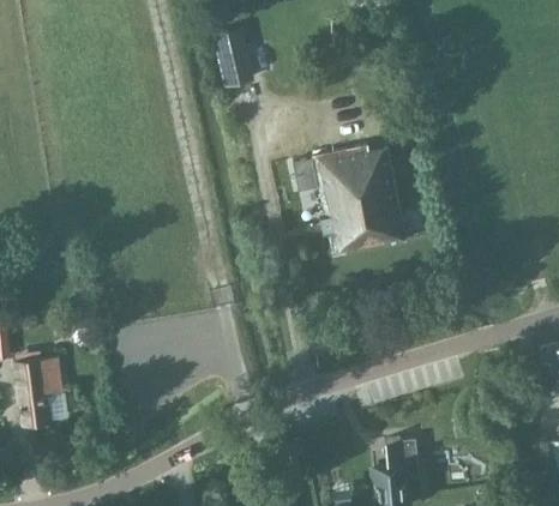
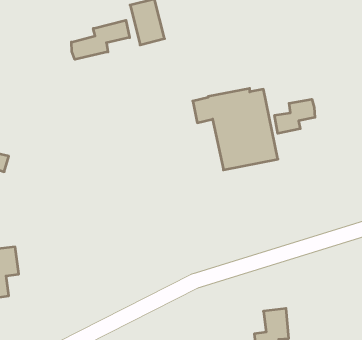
building: none -> [71,20,130,59]
building: none -> [275,99,315,133]

